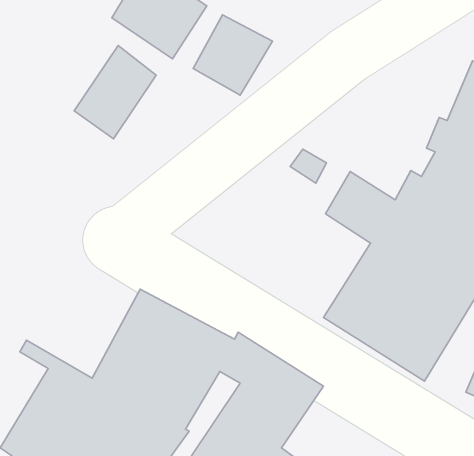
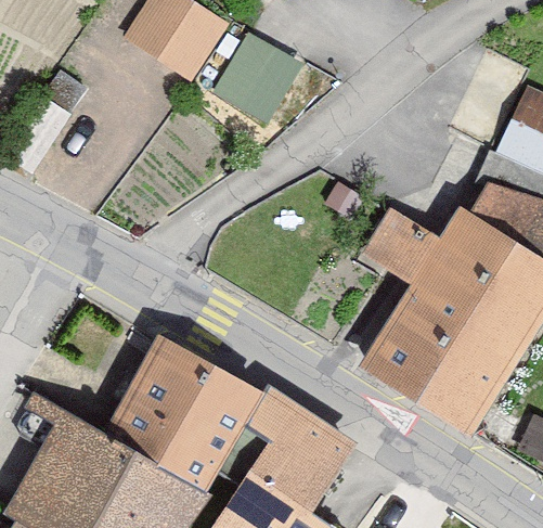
building: [74,46,156,139] -> none

